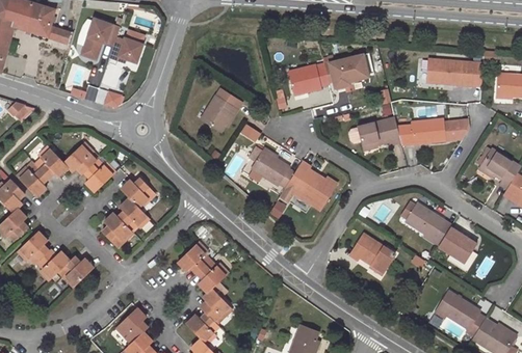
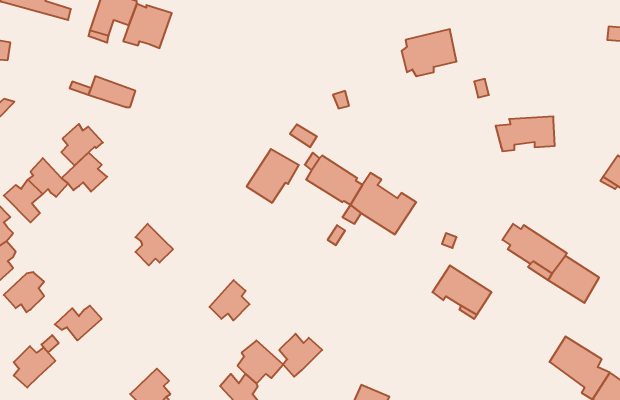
building: [429,55,485,82] -> none
building: [291,63,330,90] -> none
building: [201,87,241,129] -> [247,149,299,203]
building: [350,114,402,146] -> none
building: [443,116,472,139] -> none
building: [84,163,116,195] -> [61,124,103,165]
building: [126,187,161,213] -> none
building: [104,215,130,249] -> none
building: [38,253,71,286] -> [14,346,55,388]
building: [195,262,229,295] -> [279,334,322,377]

